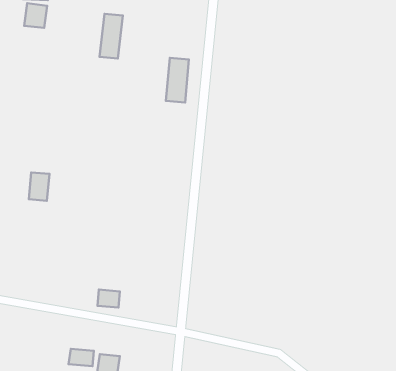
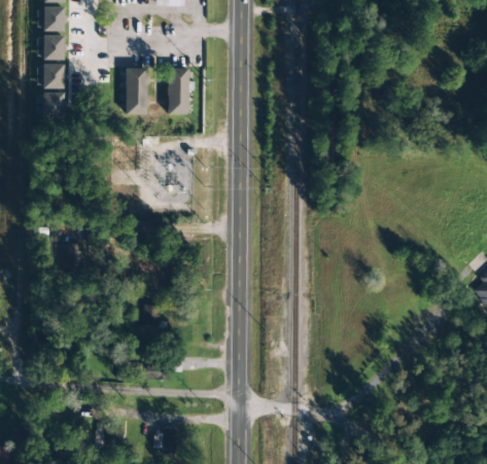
building: none -> [37,92,64,116]
building: [166,58,189,103] -> [168,67,188,113]
building: [68,349,94,366] -> none

